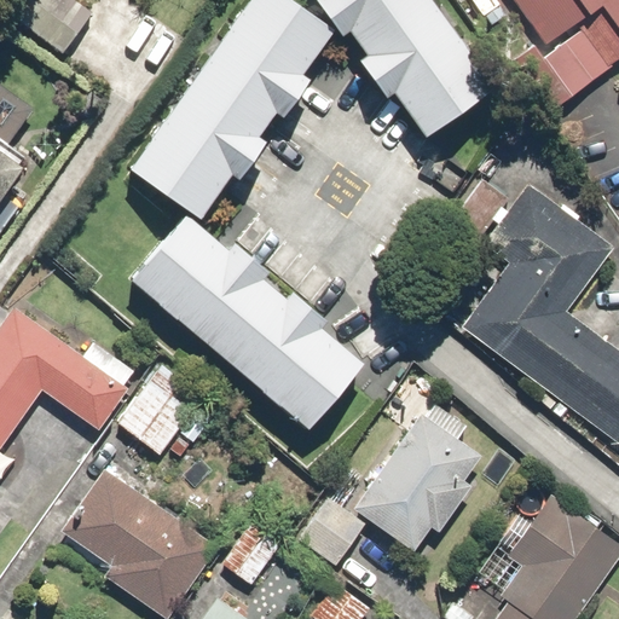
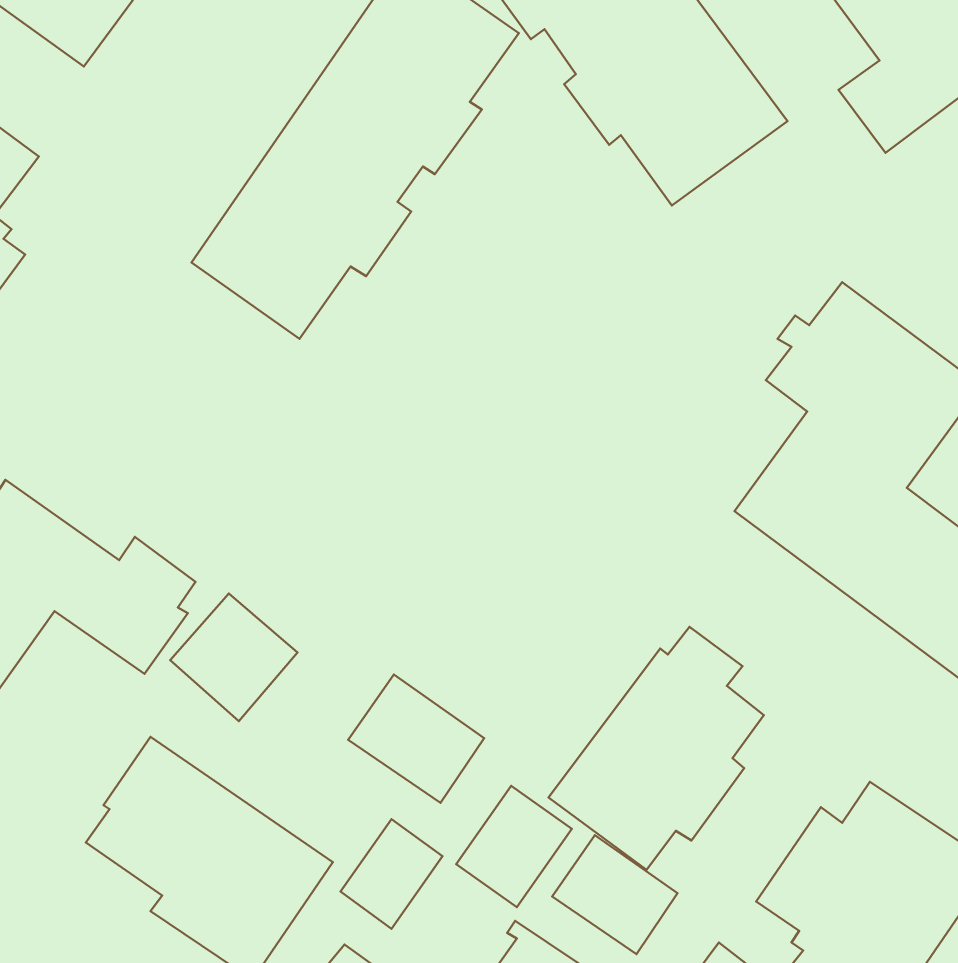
building: [132,219,360,430] -> none
building: none -> [348,675,484,803]
building: none -> [552,835,678,954]

